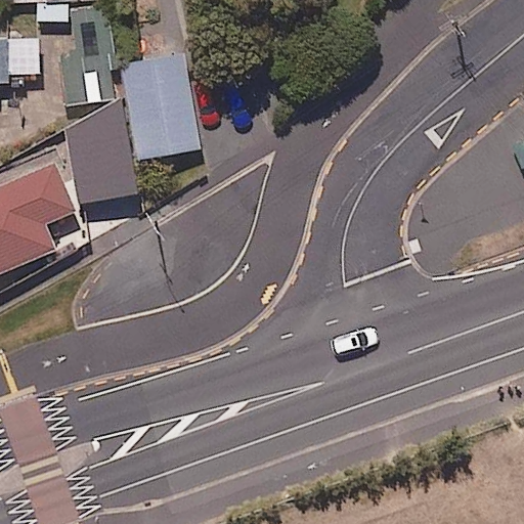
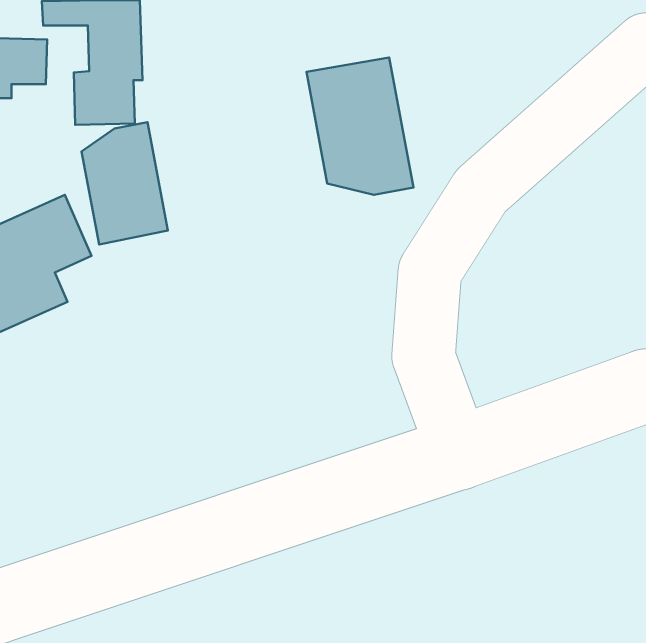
building: none -> [306,57,414,195]
building: [121,54,200,160] -> none

